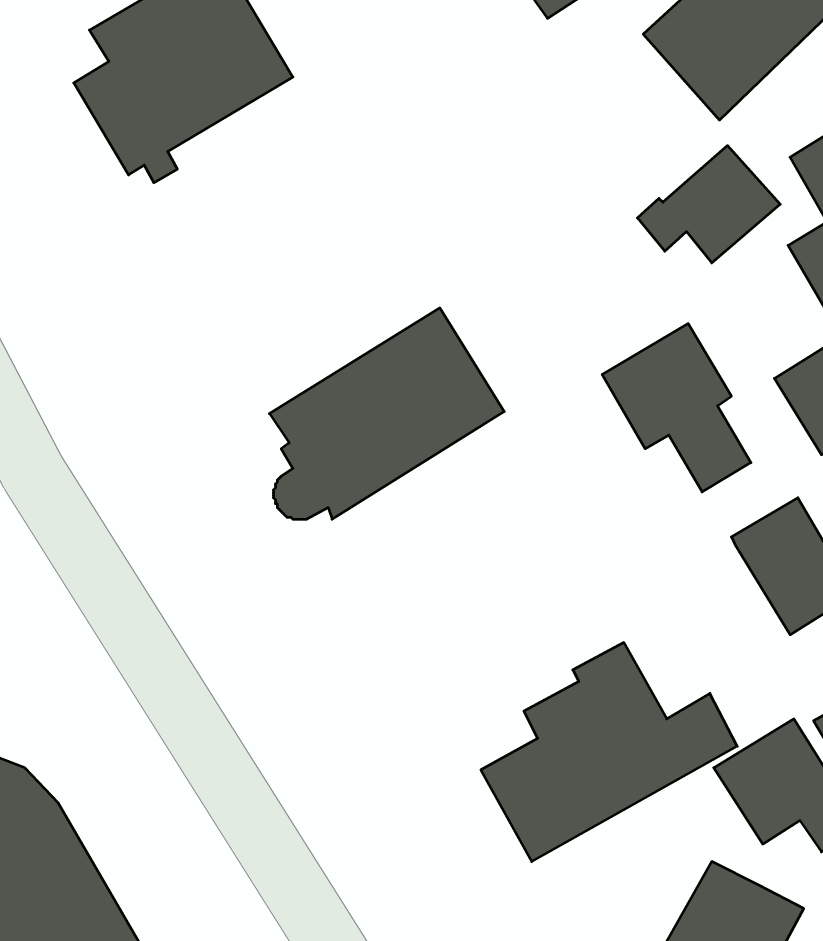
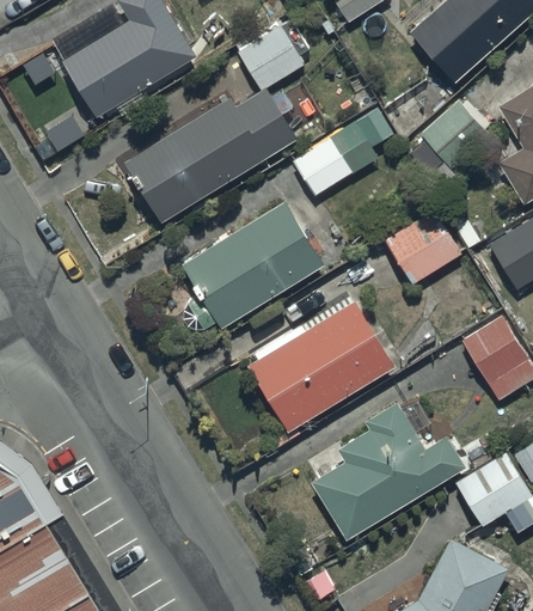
building: none -> [122,23,306,224]
building: none -> [293,111,397,198]
building: none -> [247,299,397,448]

